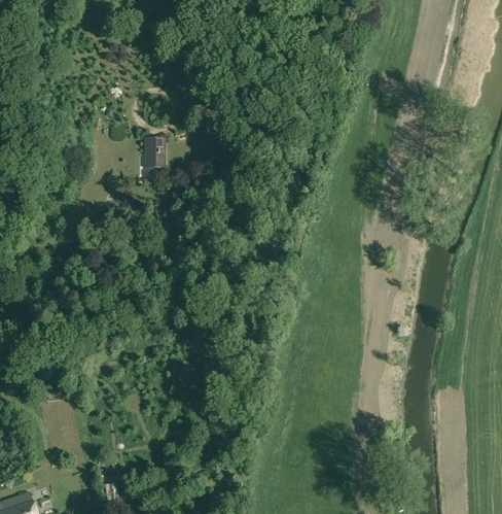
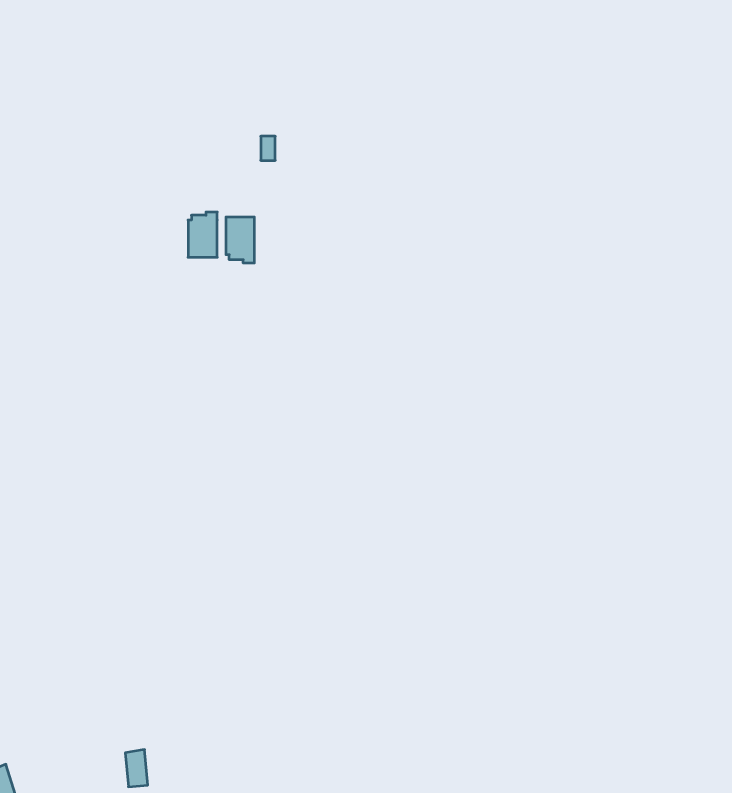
building: none -> [226,217,254,263]

